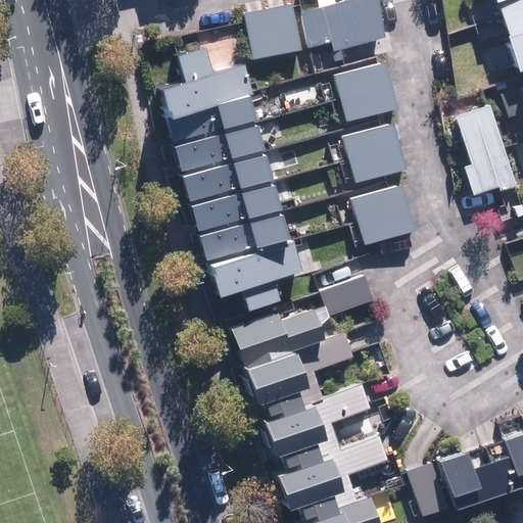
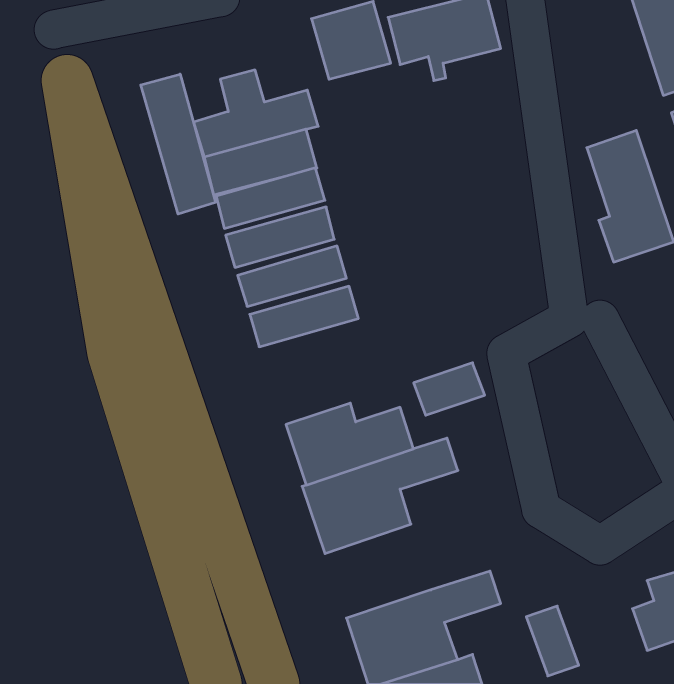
building: none -> [141,74,215,214]
building: [338,61,398,121] -> none
building: [346,123,407,182] -> none
building: [355,183,415,242] -> none
building: [202,243,302,313] -> none
building: [256,384,375,470] -> none
building: [437,450,502,510] -> none

